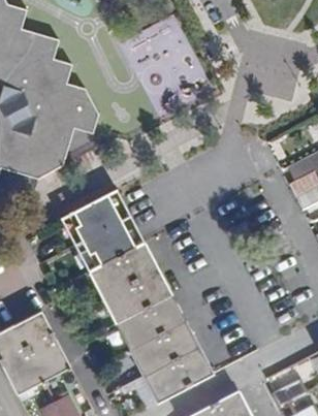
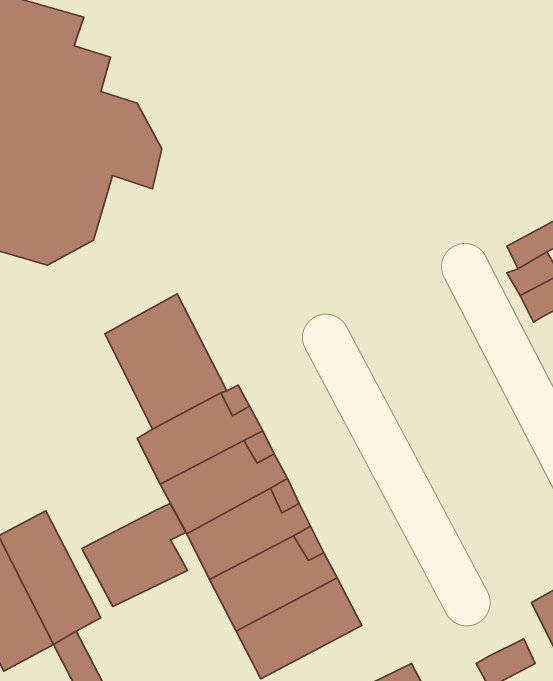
building: none -> [82,503,188,607]

